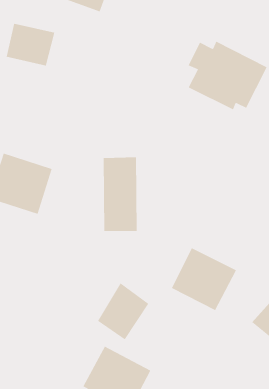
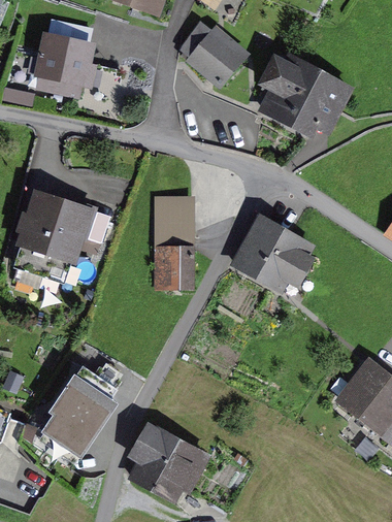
building: none -> [177,20,246,86]
building: [171,247,237,311] -> [233,216,313,293]
building: [97,283,149,340] -> [45,384,108,454]

